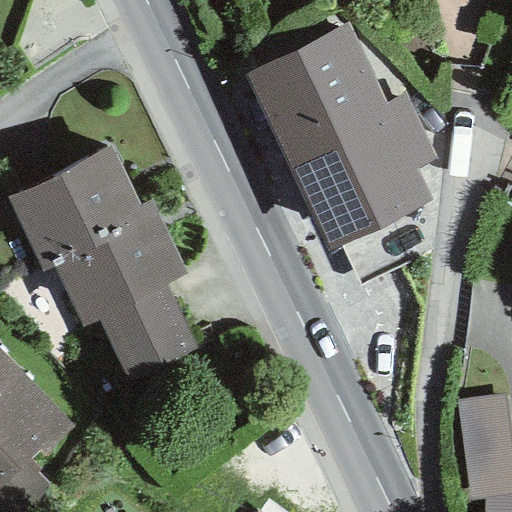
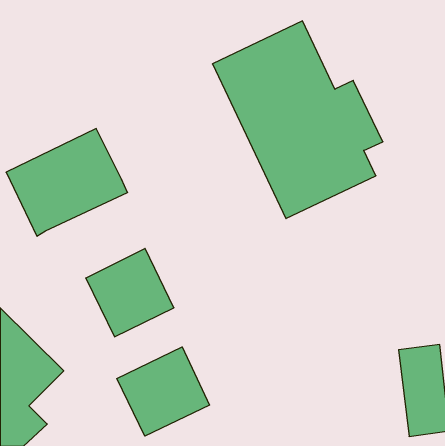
building: [54,199,189,325] -> none
building: none -> [117,347,209,436]

